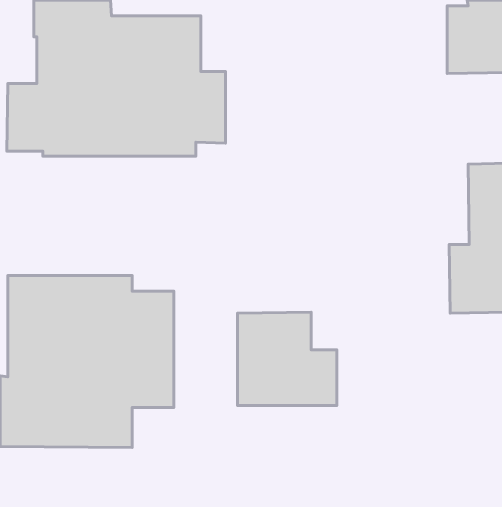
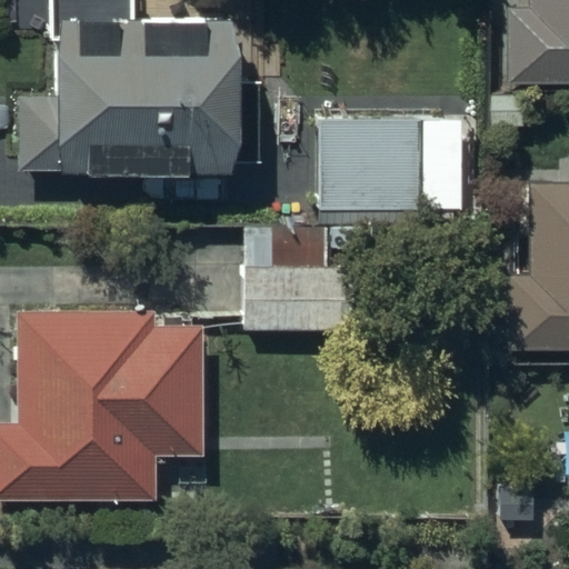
building: none -> [320,119,462,211]
building: [238,312,337,406] -> [246,226,357,330]

